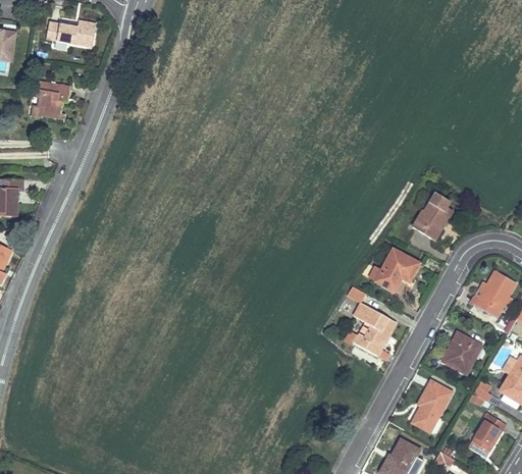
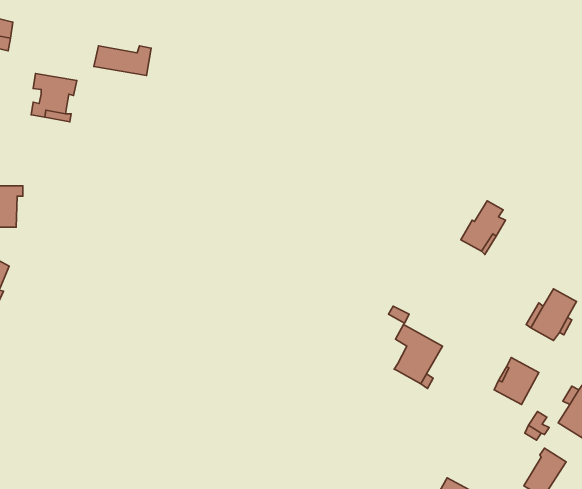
building: [44,20,95,47] -> [94,46,151,76]
building: [361,250,418,291] -> none
building: [411,381,451,436] -> none

